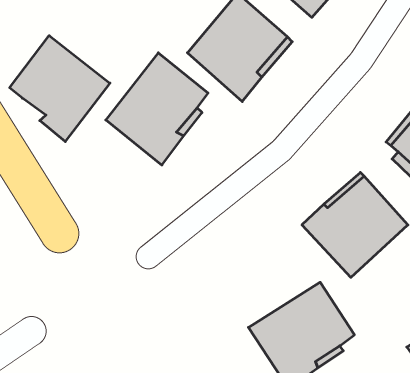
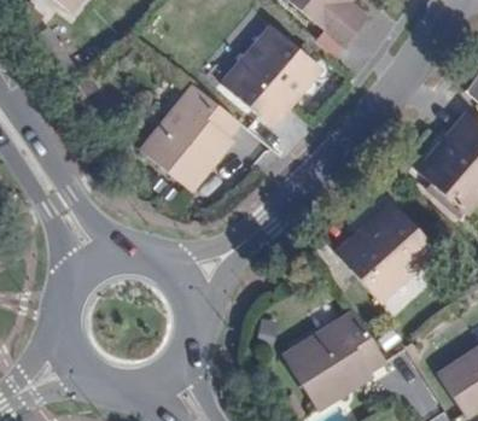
building: [10,36,110,142] -> none

